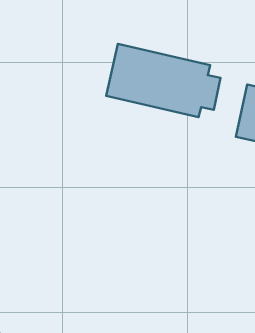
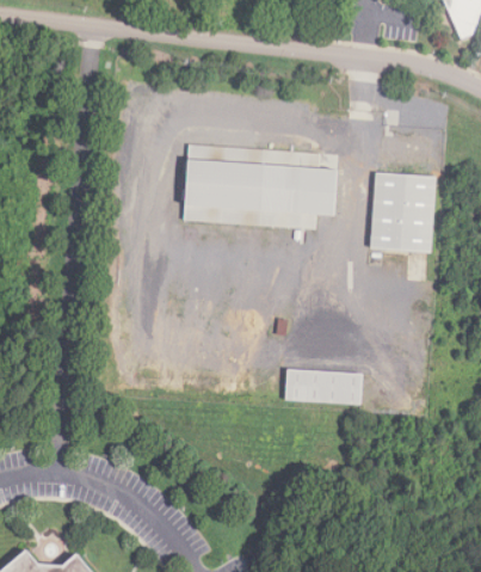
building: none -> [285,370,362,406]

